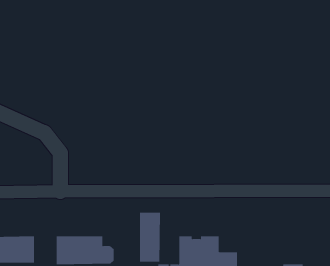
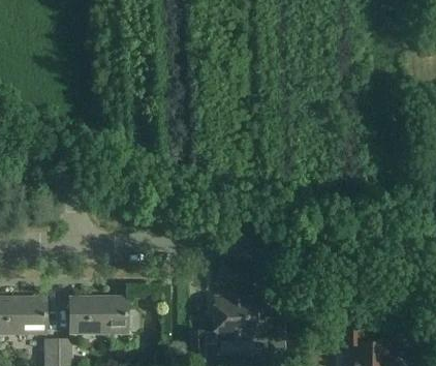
building: [140,212,161,262] -> none

